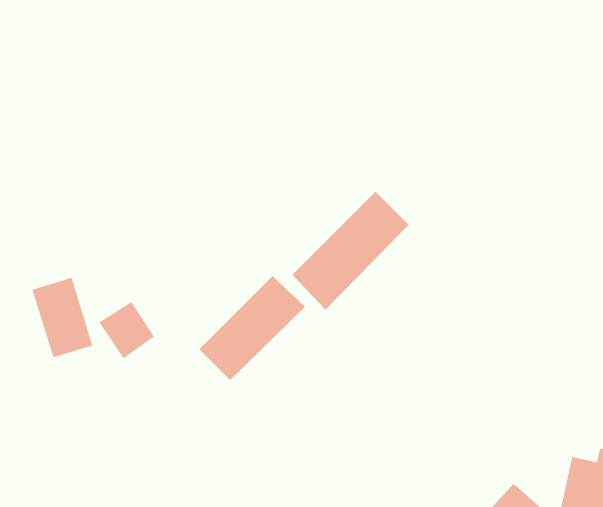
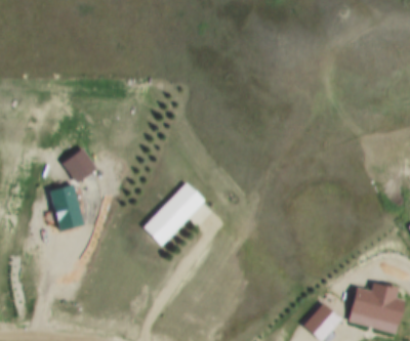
building: [292,191,410,311] -> none
building: [99,301,155,359] -> [58,147,91,181]

